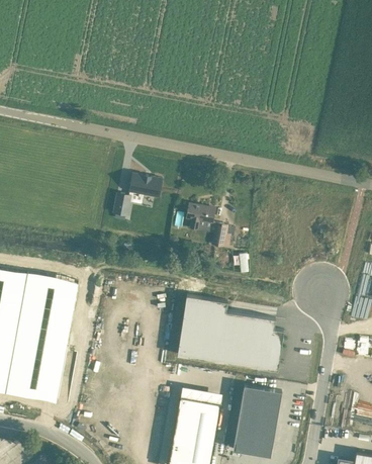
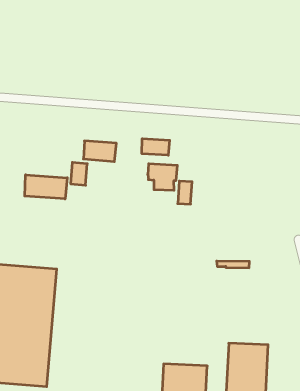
building: none -> [142,139,170,155]
building: none -> [25,175,67,199]
building: [176,295,282,371] -> none

